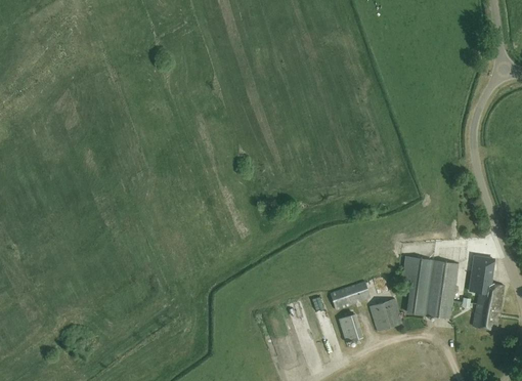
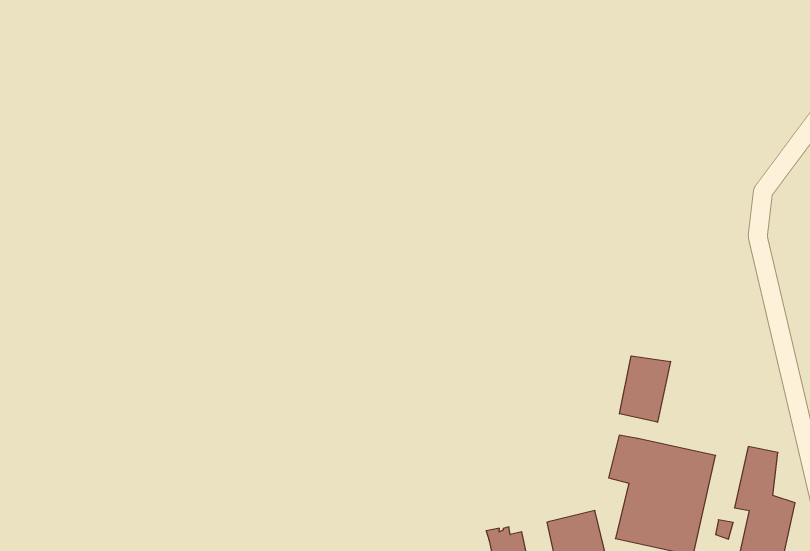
building: none -> [620,356,671,422]
building: [330,281,371,310] -> none

